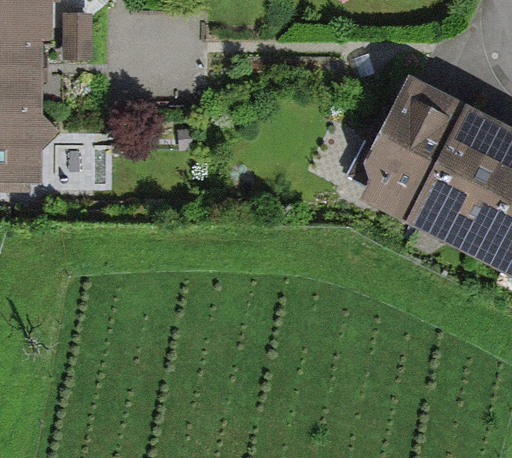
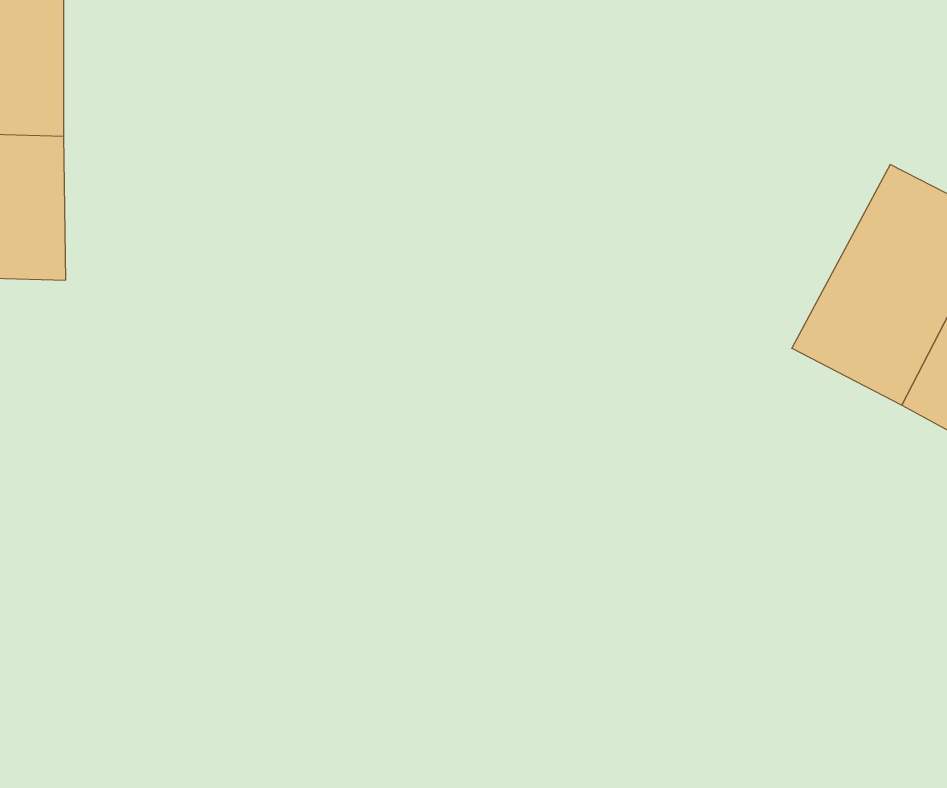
building: [365,91,474,219] -> none

